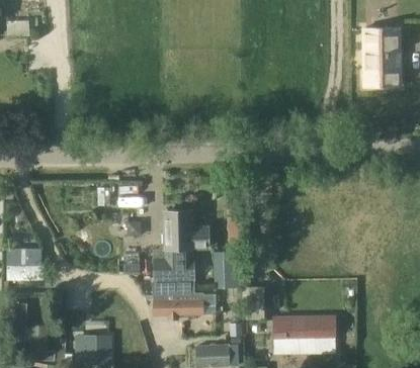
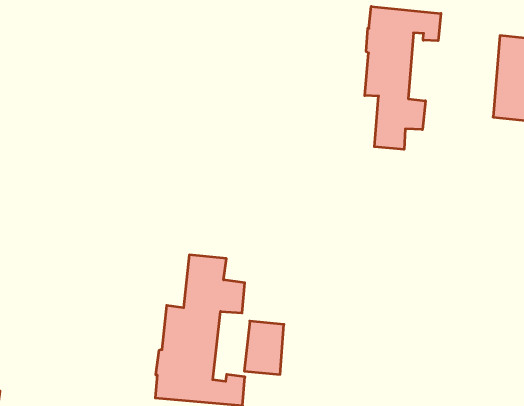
building: none -> [365,6,441,149]

